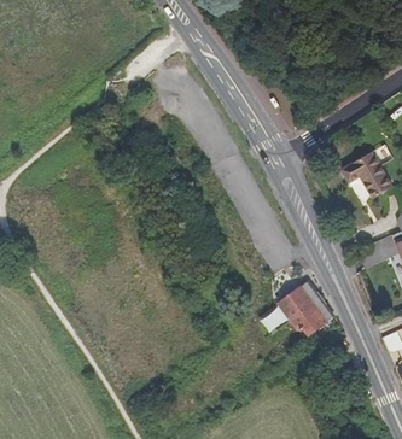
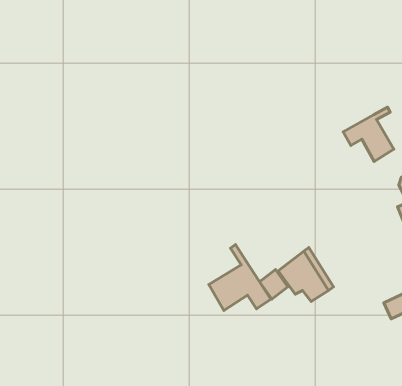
building: none -> [209,245,271,310]

